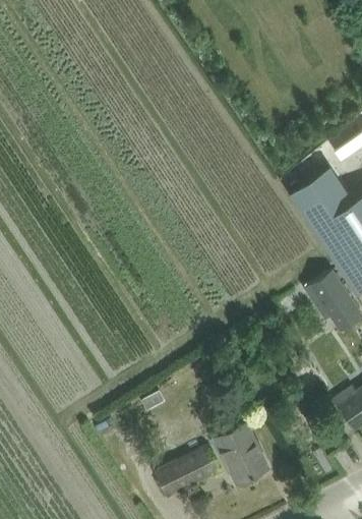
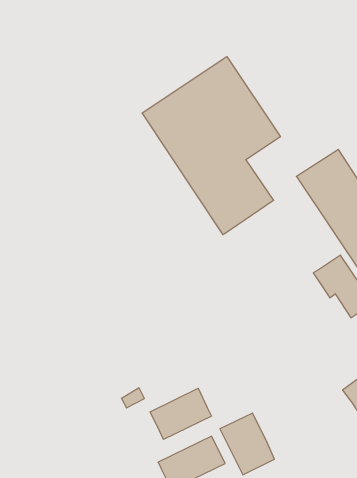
building: none -> [142,57,280,235]
building: none -> [150,388,211,439]

